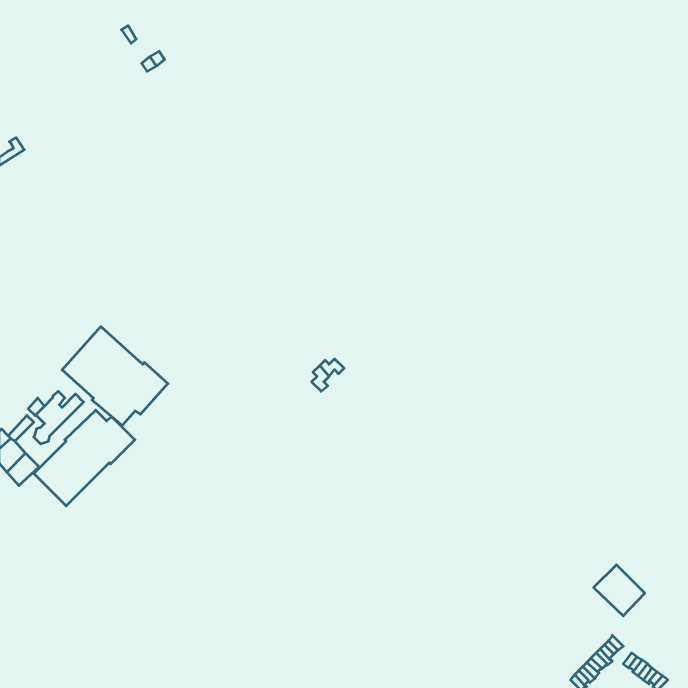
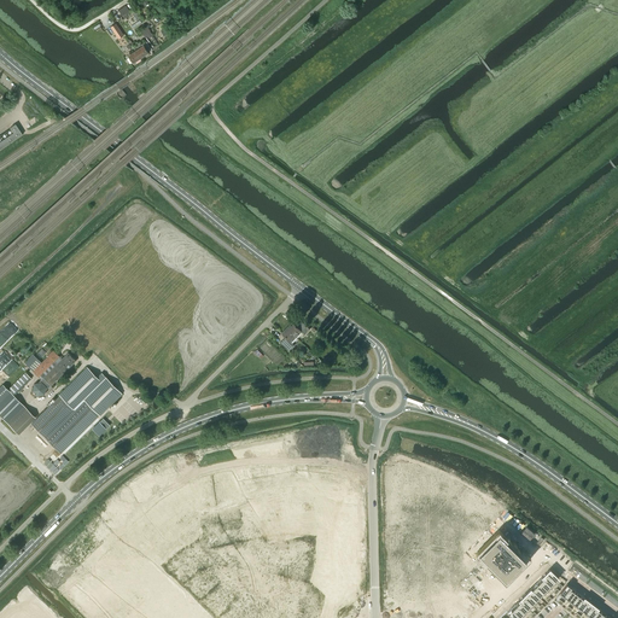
building: [62,327,168,425] -> none
building: [594,565,645,616] -> [479,535,525,581]

